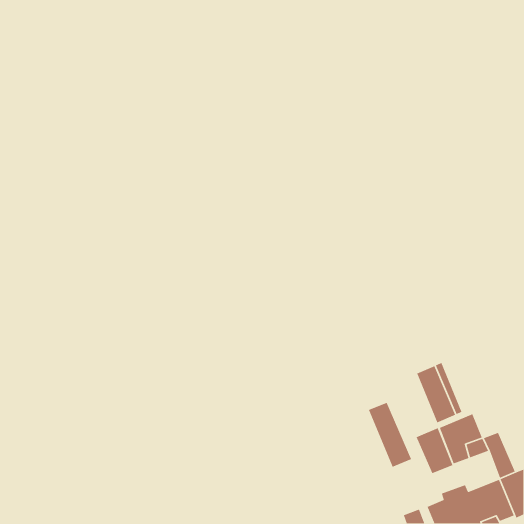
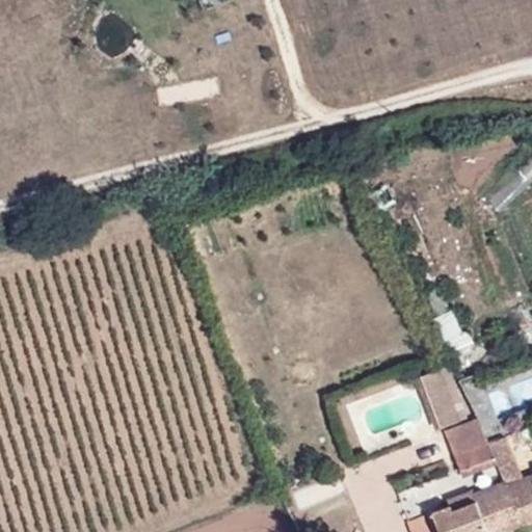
building: [368,402,412,468] -> none
building: [415,427,454,474] -> none

